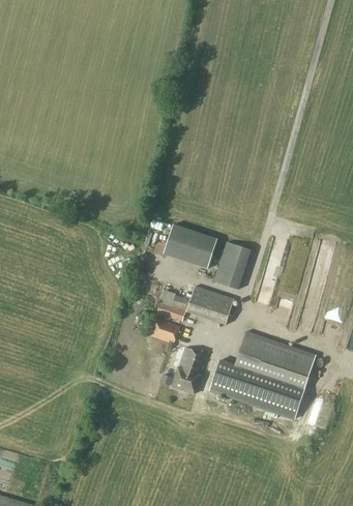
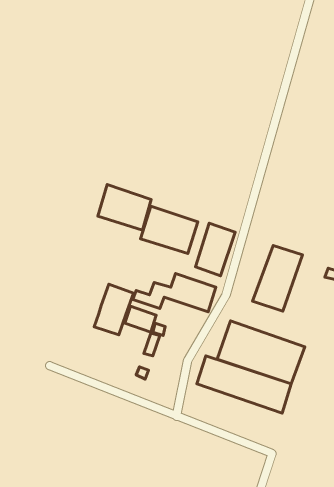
building: none -> [98,185,151,230]
building: none -> [253,246,303,311]
building: [171,347,207,393] -> [94,284,134,335]

